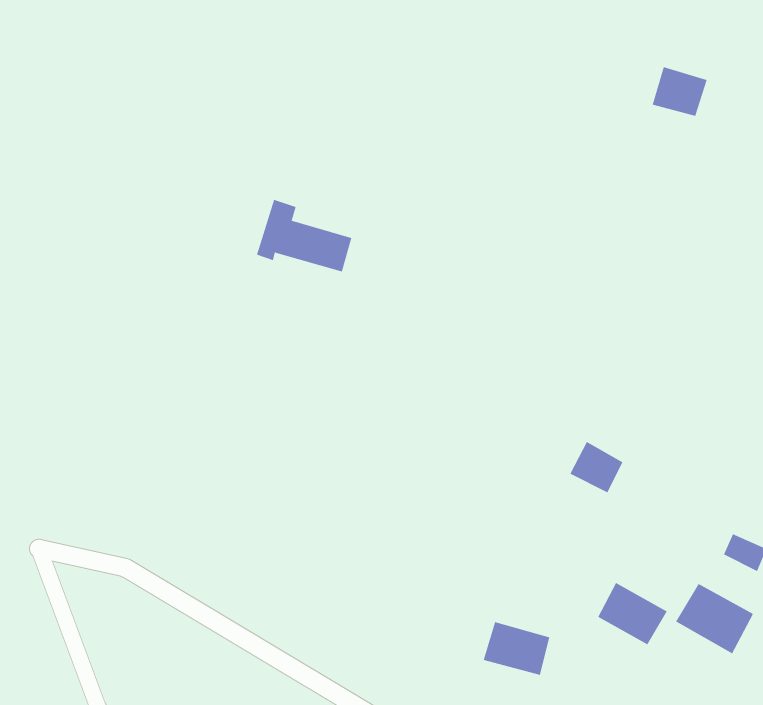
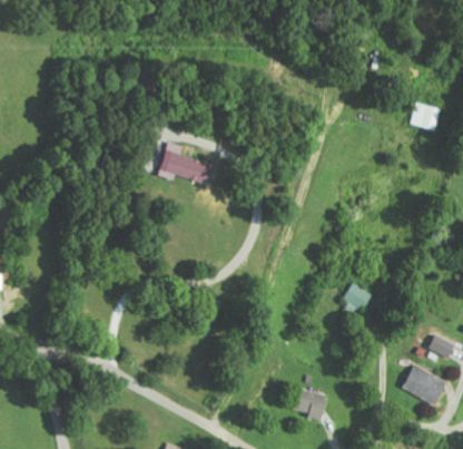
building: [652,67,707,116] -> [403,103,435,131]
building: [597,582,667,645] -> none

